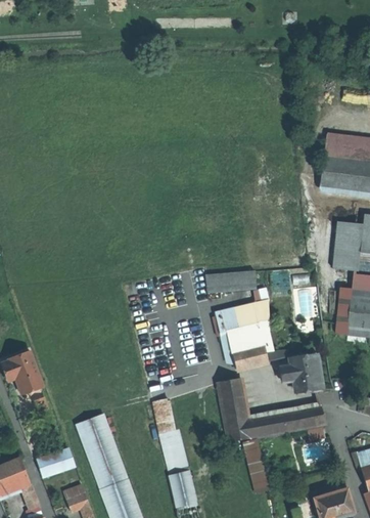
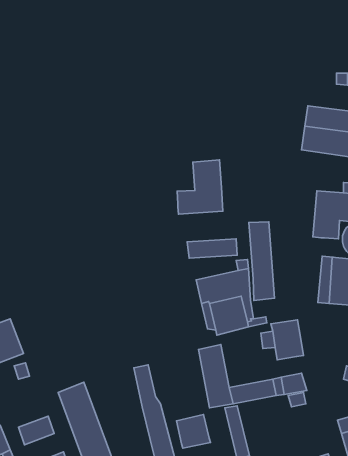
building: none -> [177,160,223,214]
building: none -> [249,222,274,301]
building: none -> [177,414,210,448]

